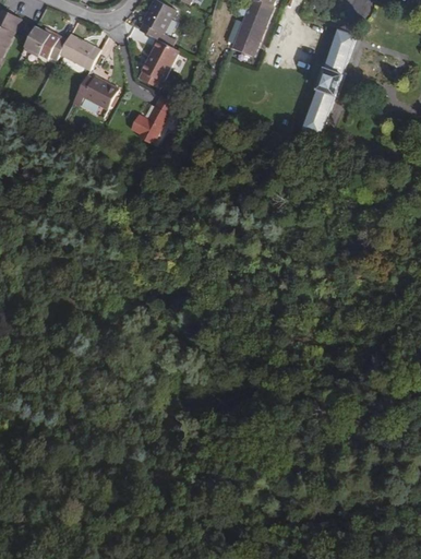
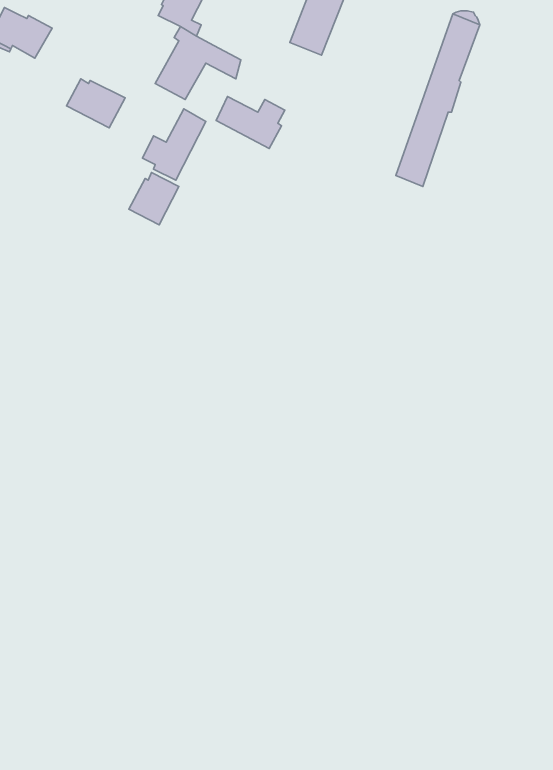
building: [58,33,99,70] -> none
building: none -> [216,97,285,148]
building: none -> [129,173,179,225]

